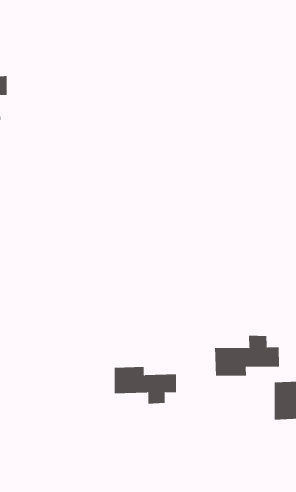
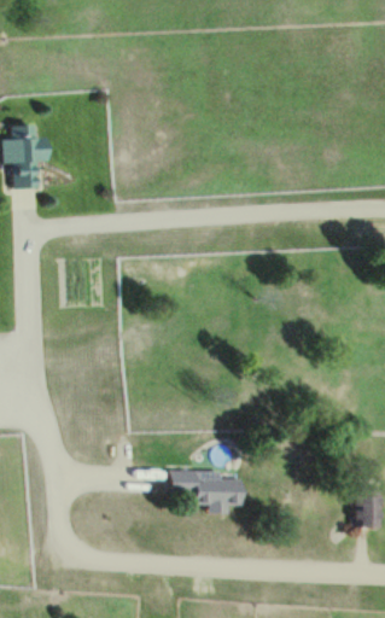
building: [215,335,280,376] -> none

